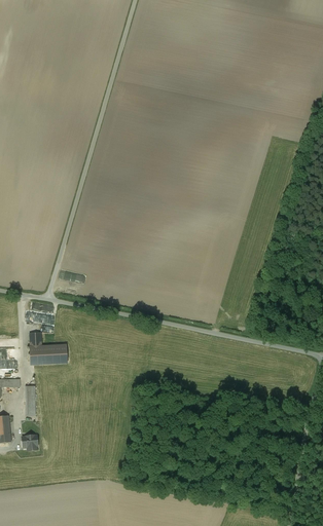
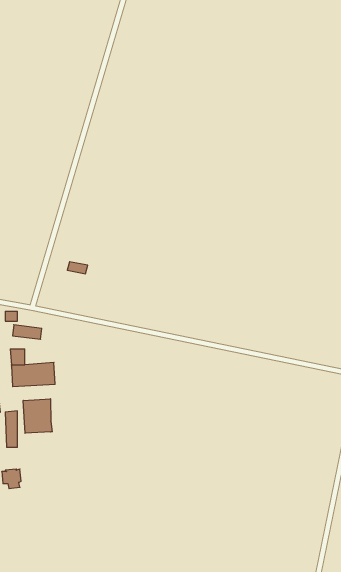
building: none -> [23,399,52,433]

